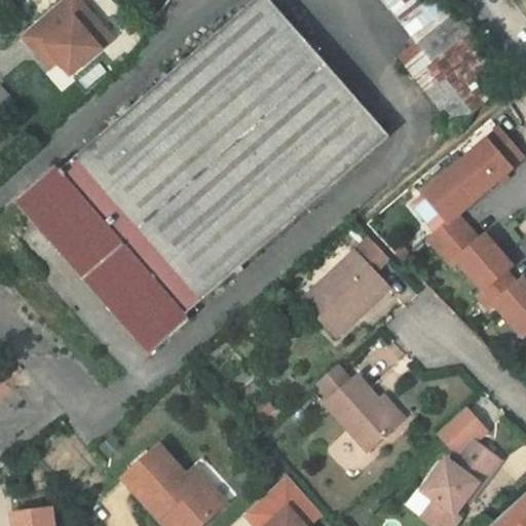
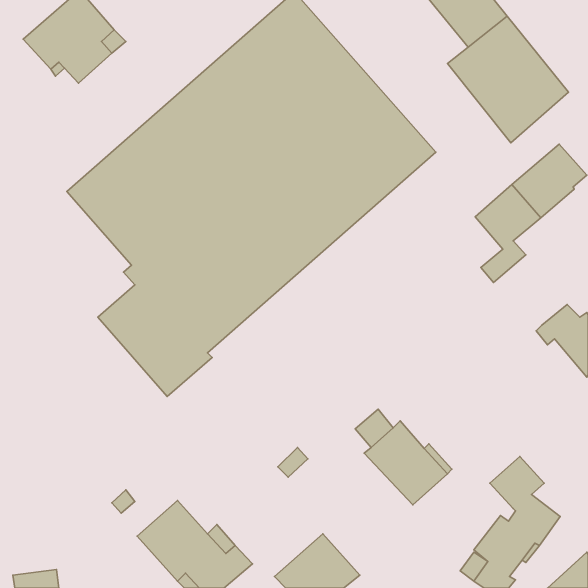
building: [16,166,120,283] -> none
building: [440,227,512,290] -> none
building: [302,236,388,335] -> none

